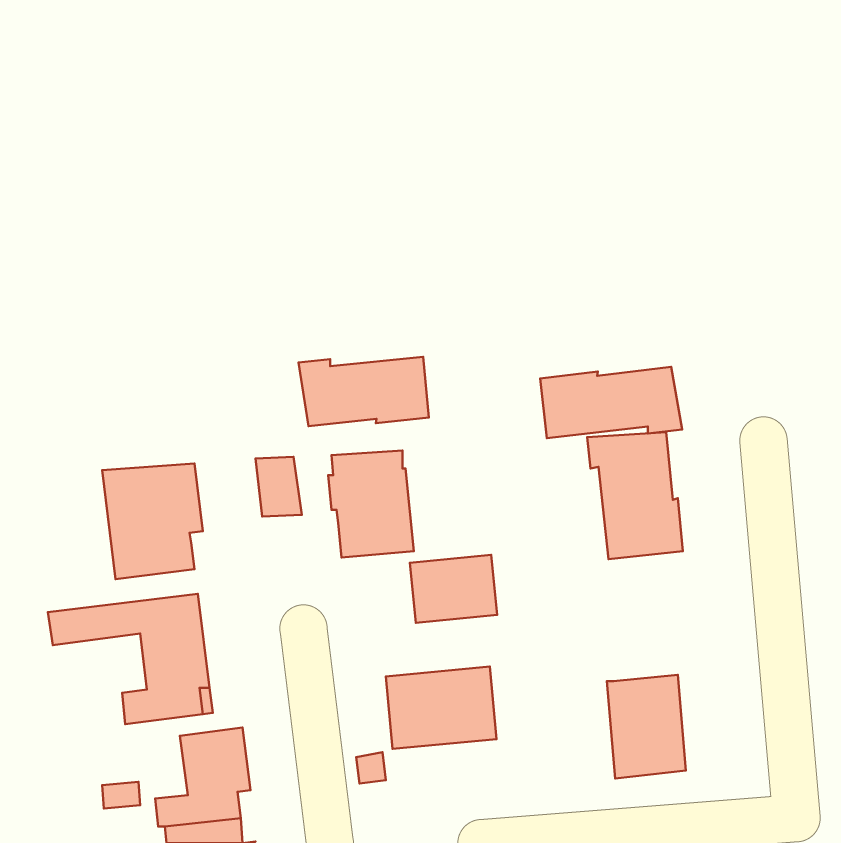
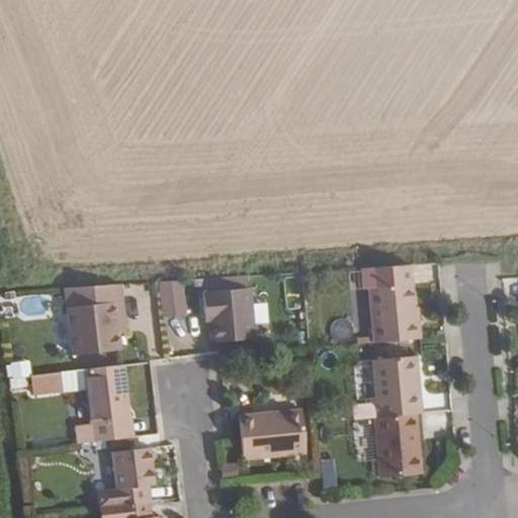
building: [299,357,429,426] -> none
building: [540,367,682,438] -> none
building: [410,555,497,623] -> none
building: none -> [372,355,421,418]

